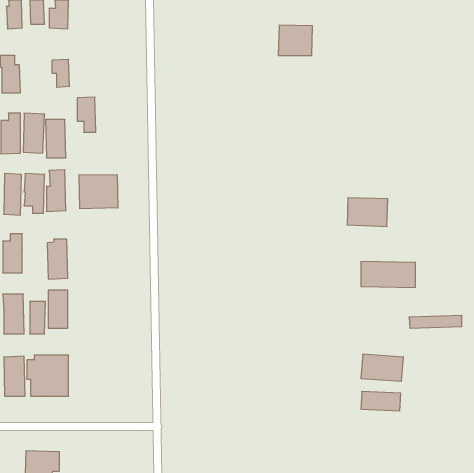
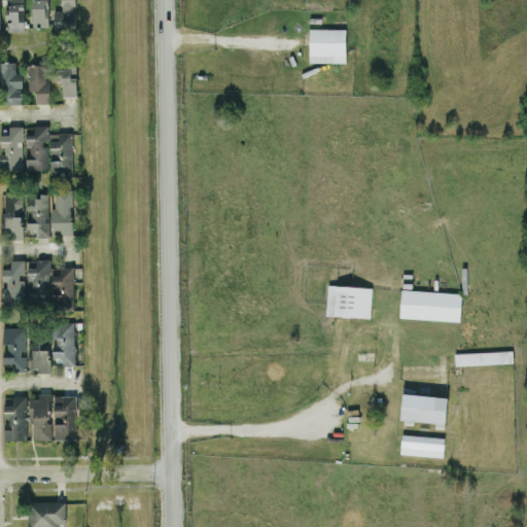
building: [77,97,96,132] -> [29,65,49,104]
building: [79,175,118,209] -> none
building: [347,198,388,227] -> [326,286,372,318]
building: none -> [28,260,50,304]

